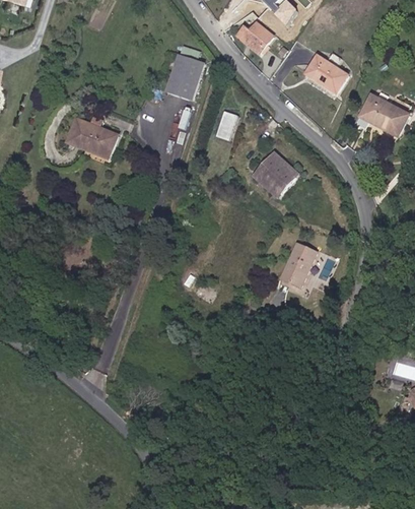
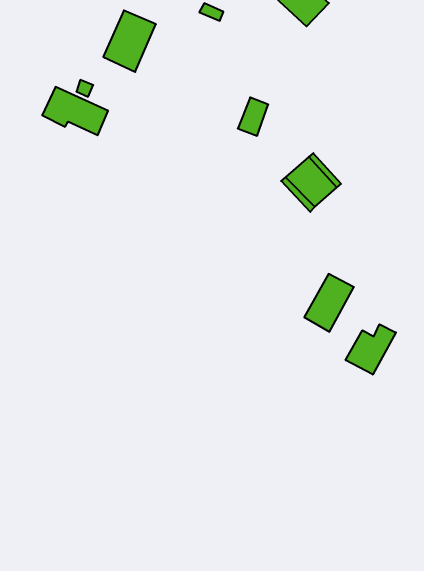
building: [303,53,347,93] -> none
building: [165,54,203,100] -> [103,10,156,72]
building: none -> [346,324,396,375]

